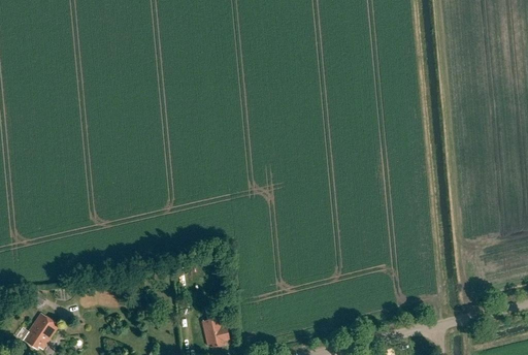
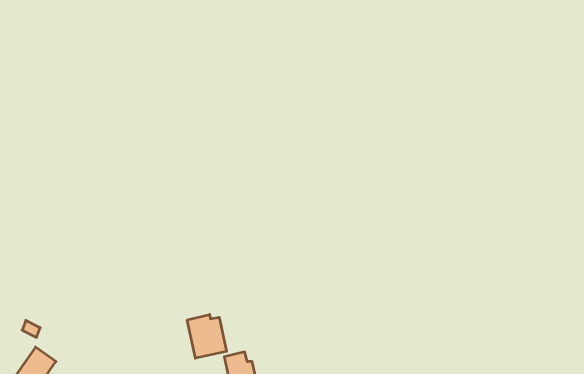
building: none -> [187,314,227,358]

